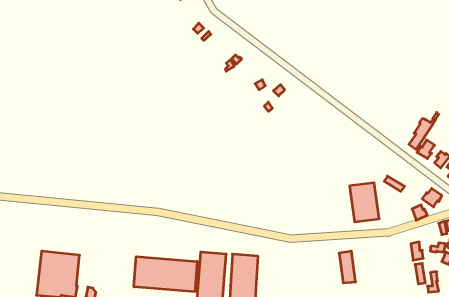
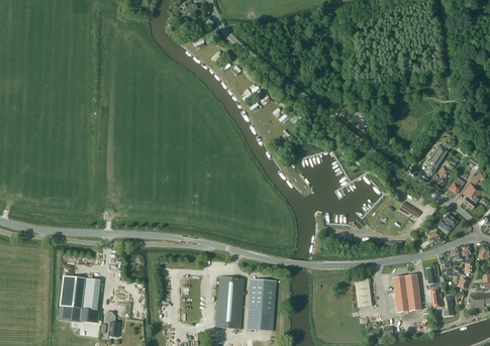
building: [350,183,379,222] -> [392,274,421,313]
building: [134,257,197,292] -> none

